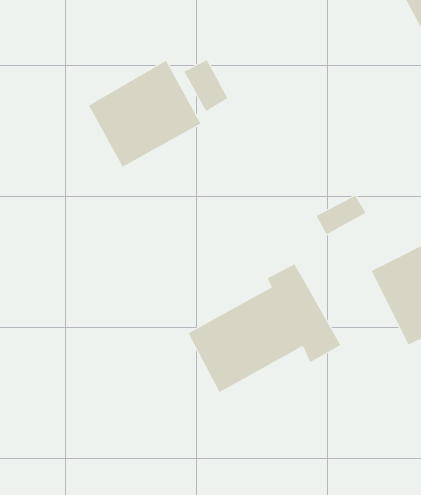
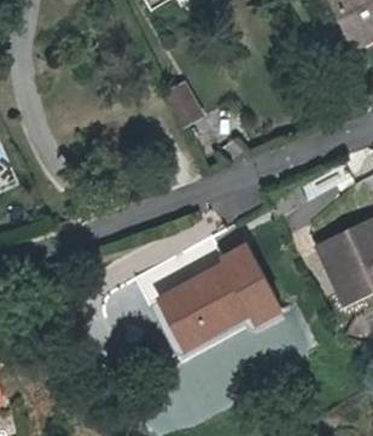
building: [88,60,201,167] -> none

